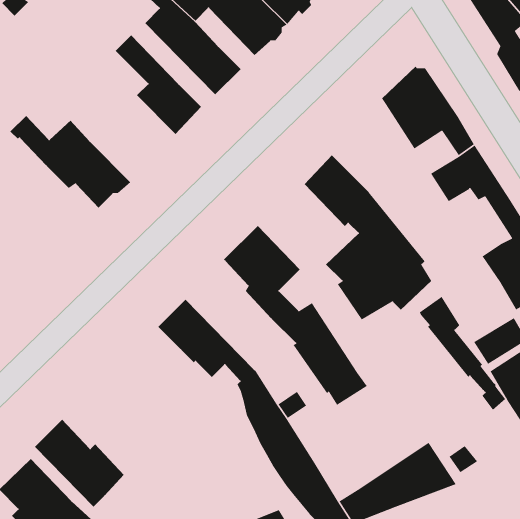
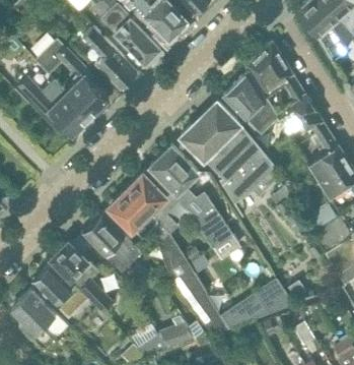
building: none -> [34,39,109,118]
building: none -> [222,69,277,131]
building: none -> [181,119,232,169]
building: none -> [126,167,179,234]
building: none -> [82,214,140,272]
building: none -> [50,240,114,313]

